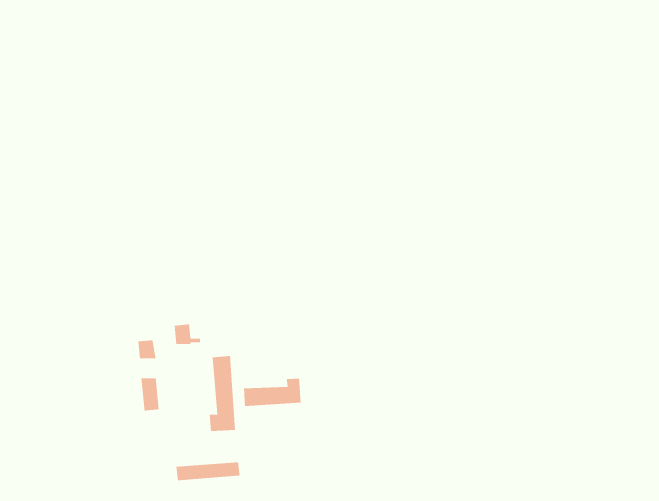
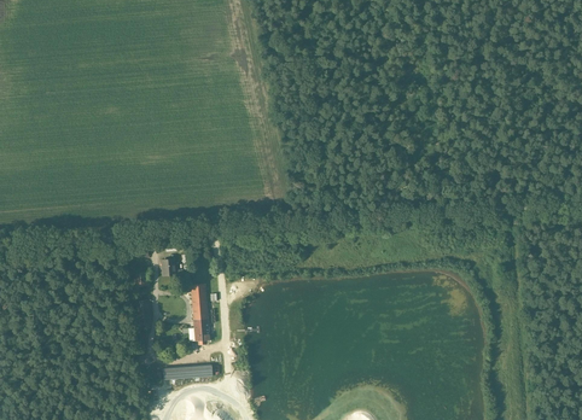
building: [244,378,301,407] -> none

